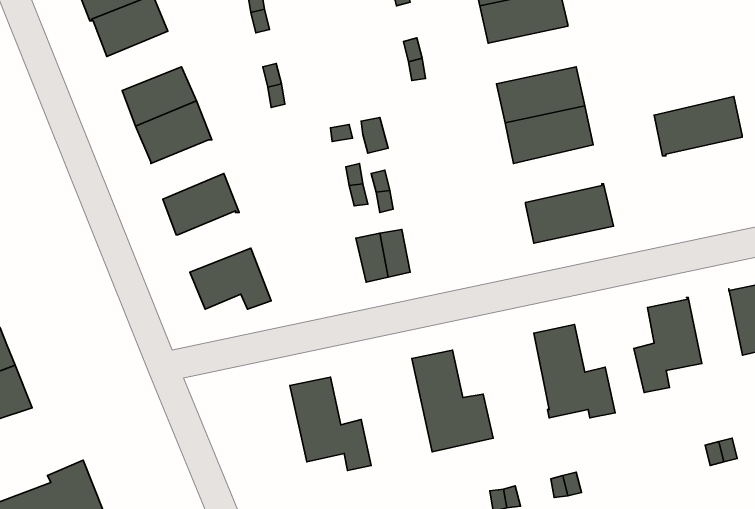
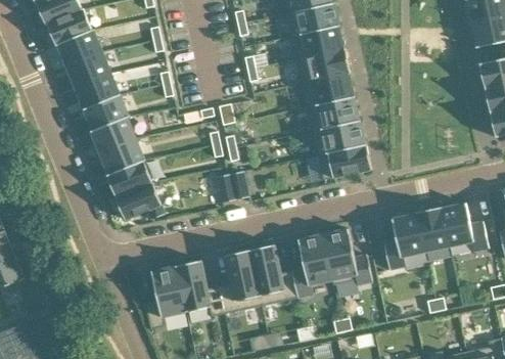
building: none -> [295,48,350,84]
building: none -> [65,52,110,88]
building: [654,96,742,156] -> [311,121,364,156]
building: none -> [90,118,136,153]
building: none -> [106,161,152,197]
building: none -> [416,208,449,253]
building: none -> [292,234,332,298]
building: none -> [219,250,262,314]
building: none -> [144,266,186,330]

